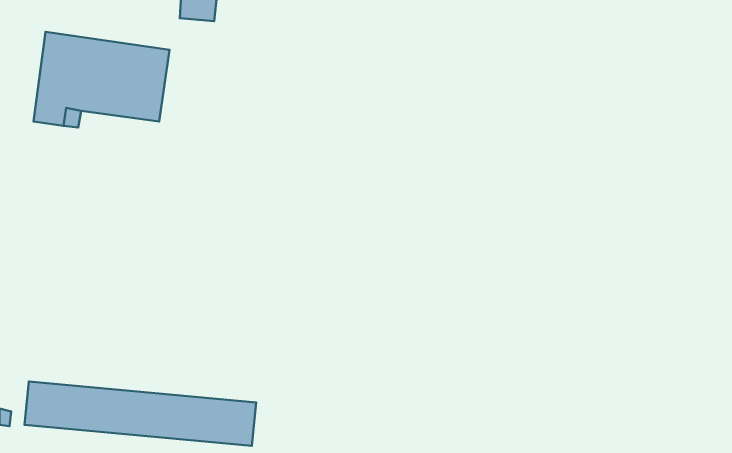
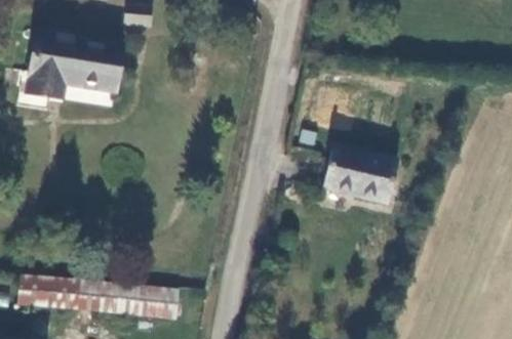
building: none -> [323,145,396,204]

